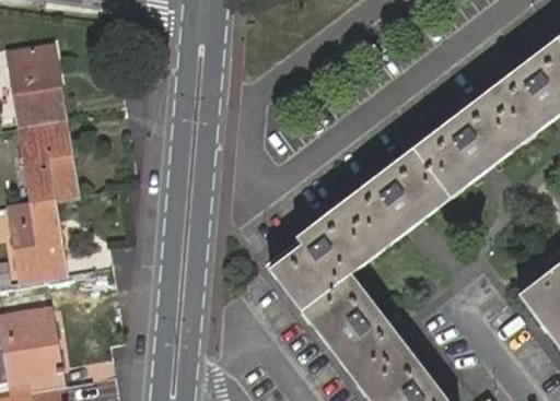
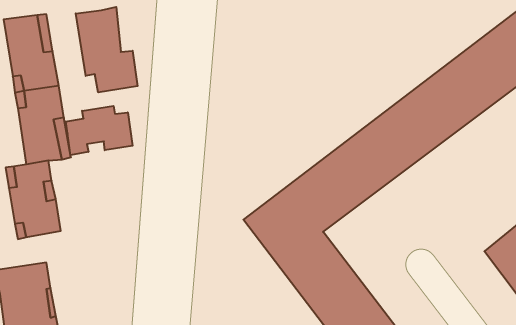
building: none -> [76,7,138,92]
building: none -> [66,106,133,155]

